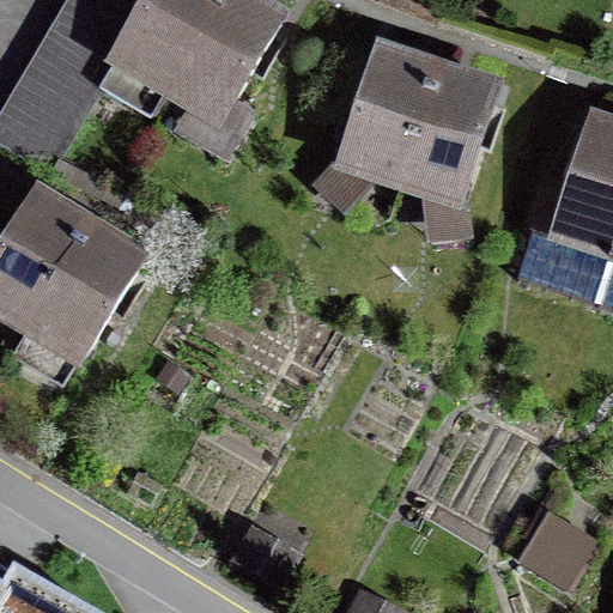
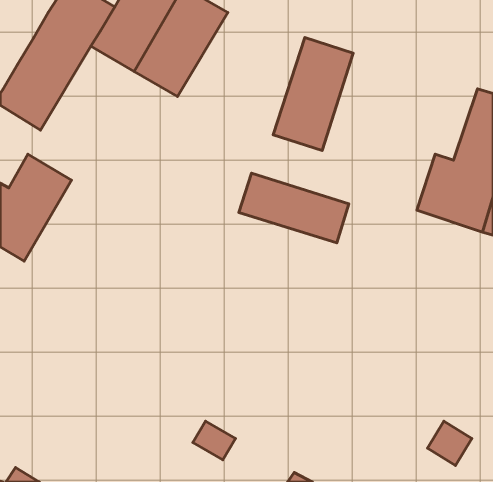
building: [400,66,503,208] -> none
building: none -> [239,173,349,243]
building: [30,224,141,354] -> none

